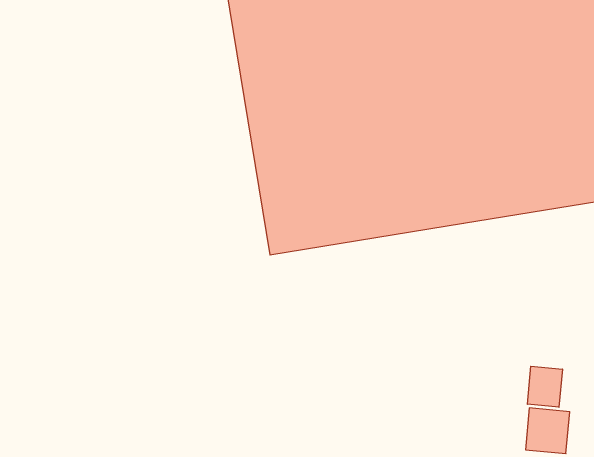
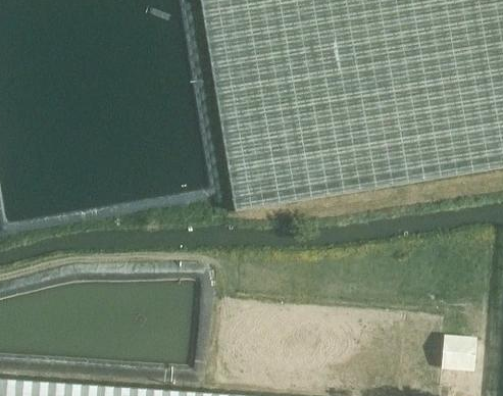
building: [527,366,562,407] -> none

